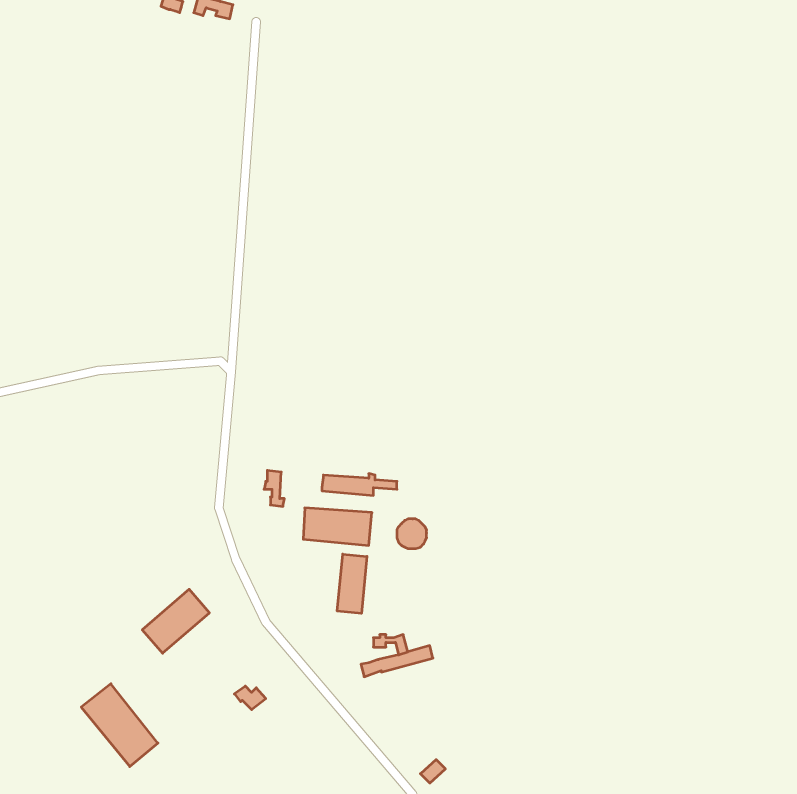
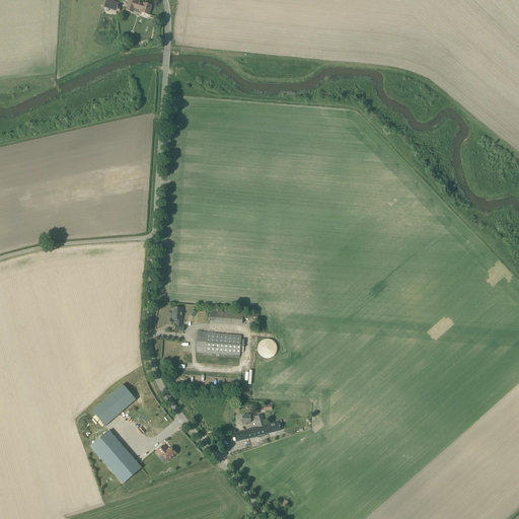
building: [337,554,367,613] -> none
building: [81,684,158,767] -> [90,432,140,486]

